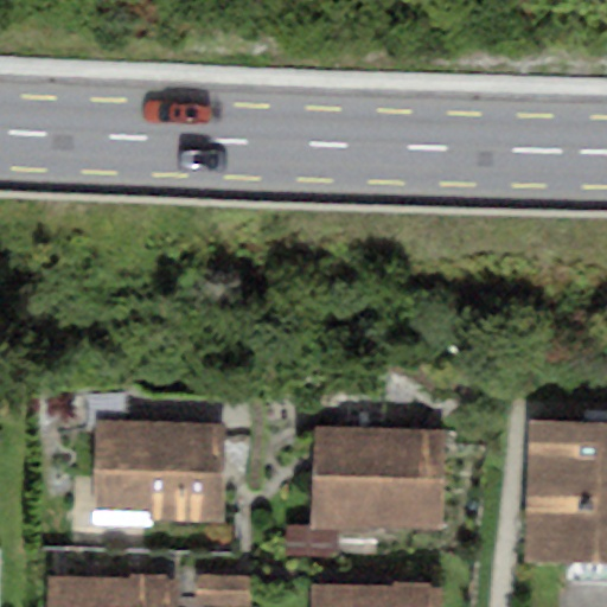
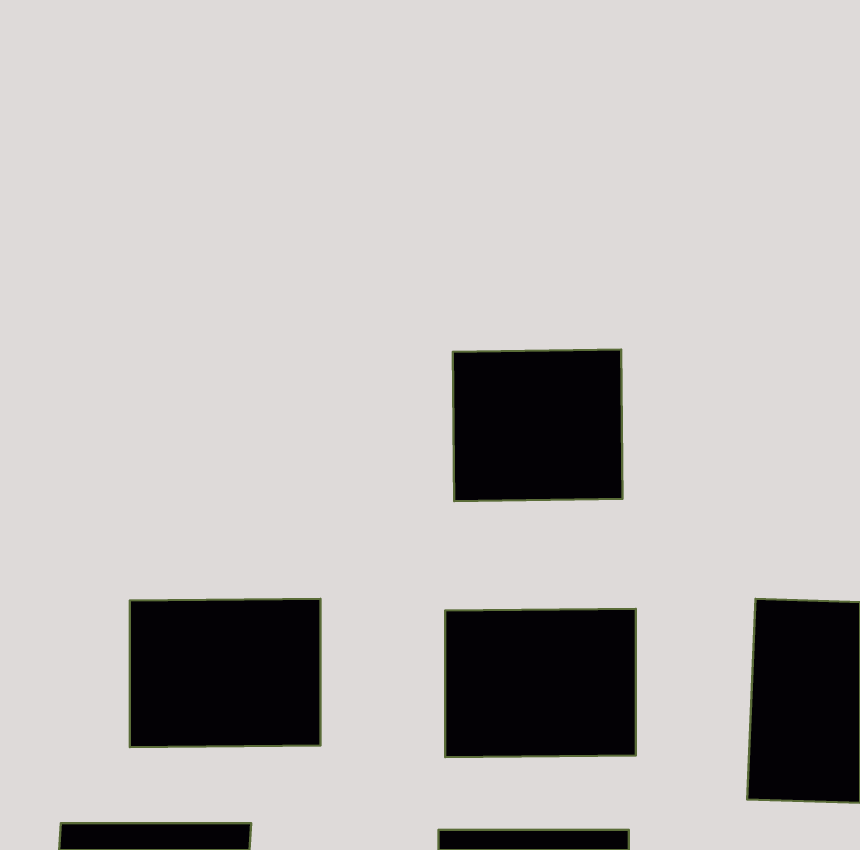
building: none -> [453,349,623,501]

